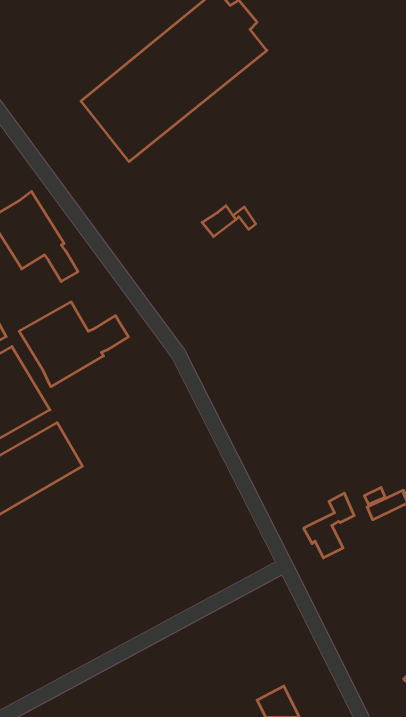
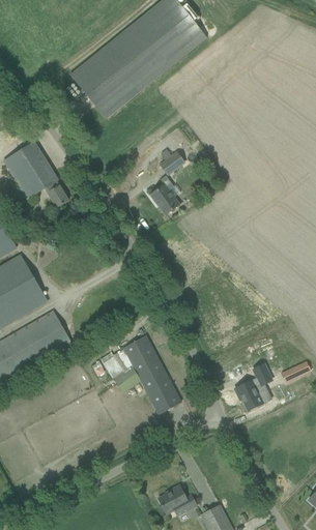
building: none -> [150,175,179,214]
building: [19,302,128,387] -> none
building: none -> [112,335,181,413]
building: none -> [157,484,196,513]

